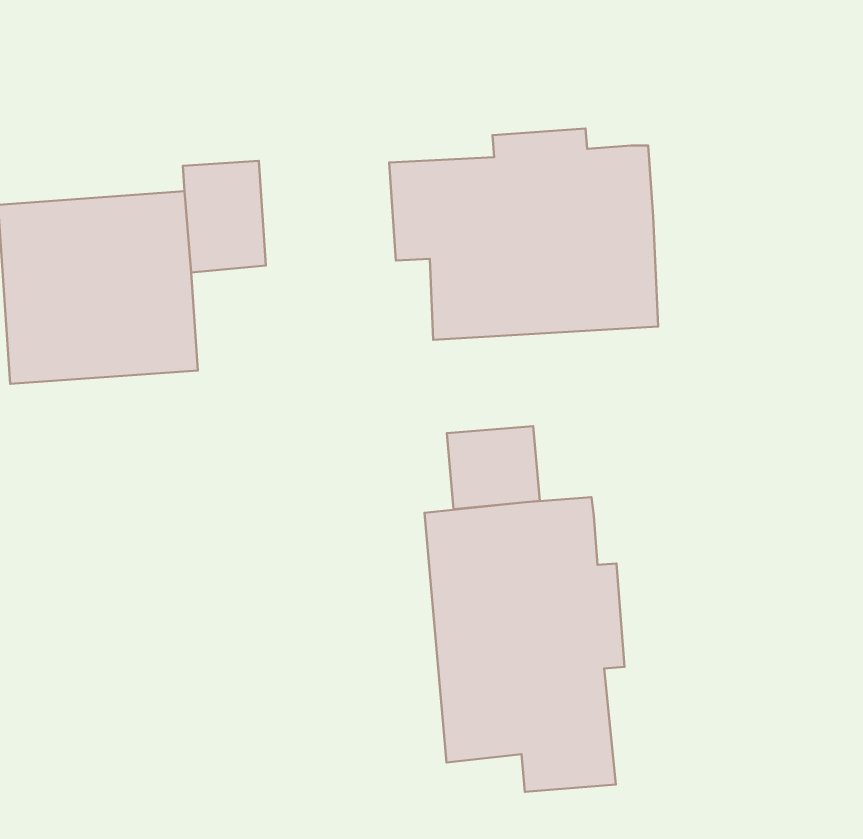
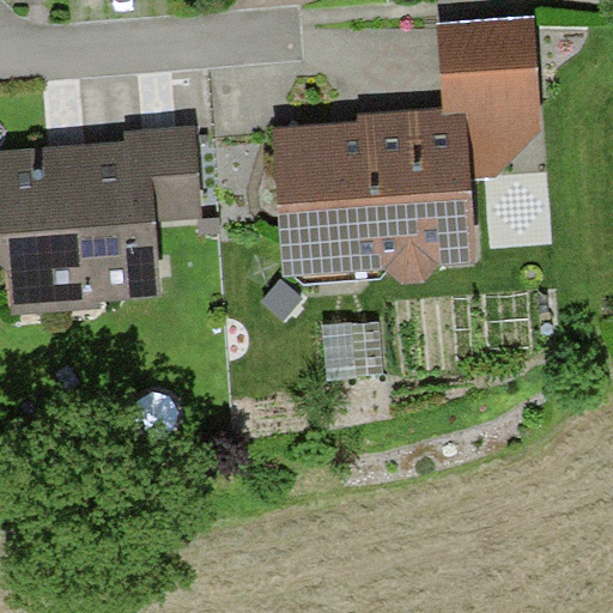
building: none -> [441,24,541,171]
building: [424,497,625,792] -> none

